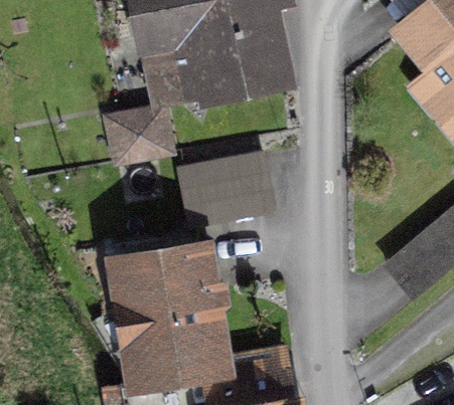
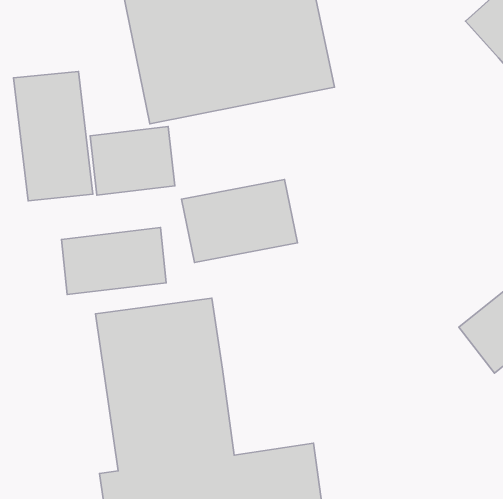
building: none -> [14,71,93,201]
building: none -> [62,228,166,294]

